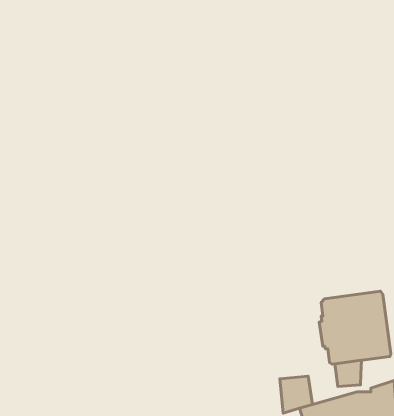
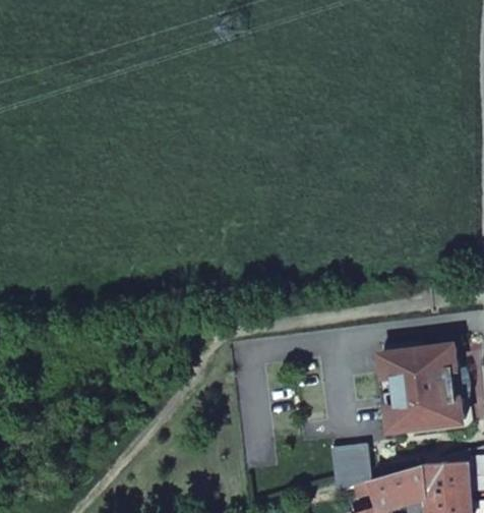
building: [335,360,362,387] -> none

